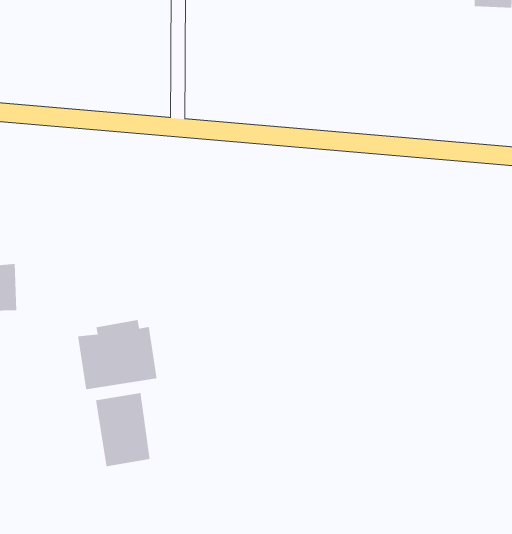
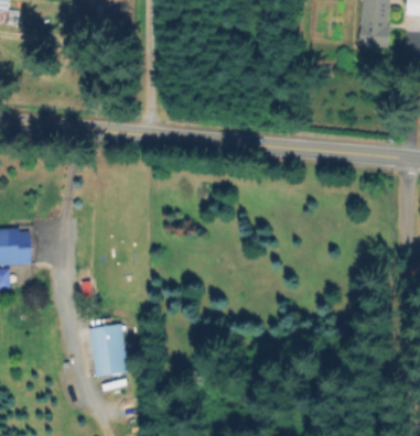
building: [77,319,158,390] -> none

